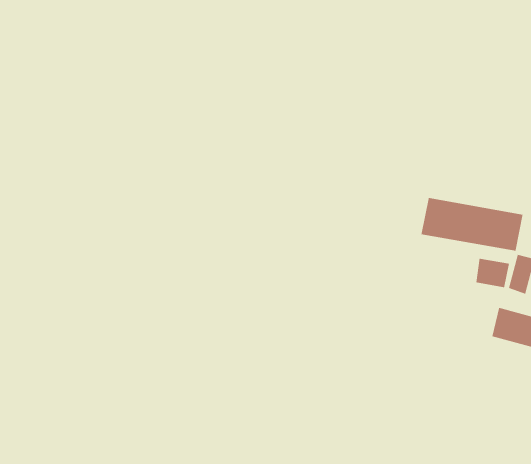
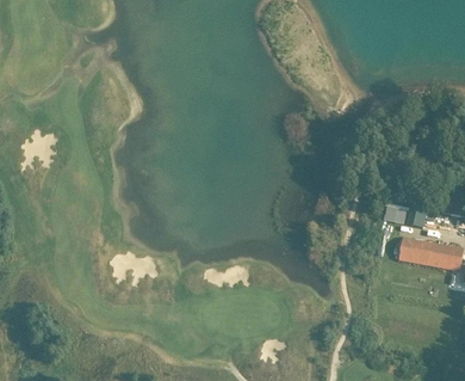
building: [421,197,523,252] -> none

